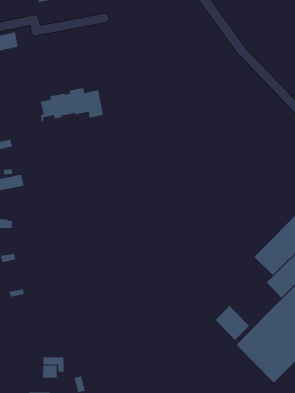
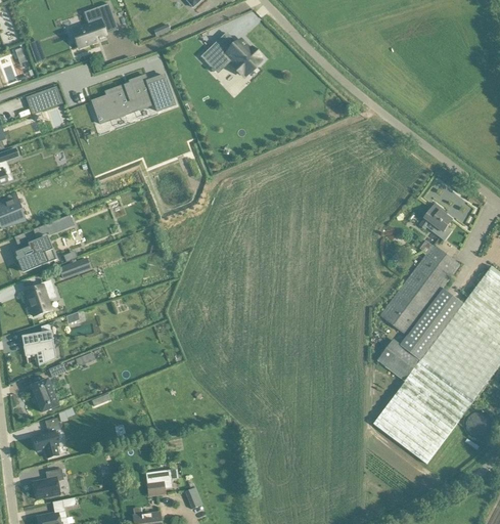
building: none -> [201,39,261,74]
building: [37,87,104,121] -> [92,75,174,123]
building: [215,305,250,341] -> [378,339,421,381]

